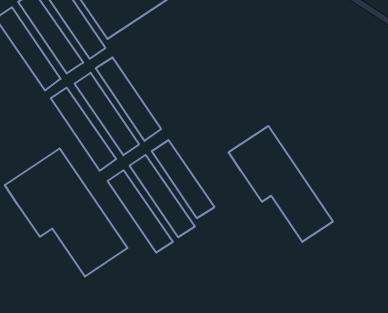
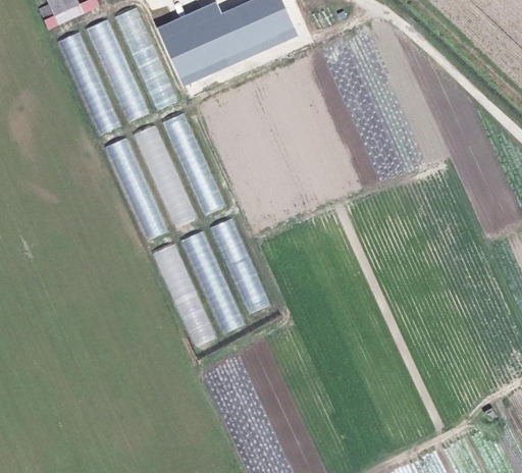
building: [229,126,333,242] -> none
building: [5,148,127,277] -> none

